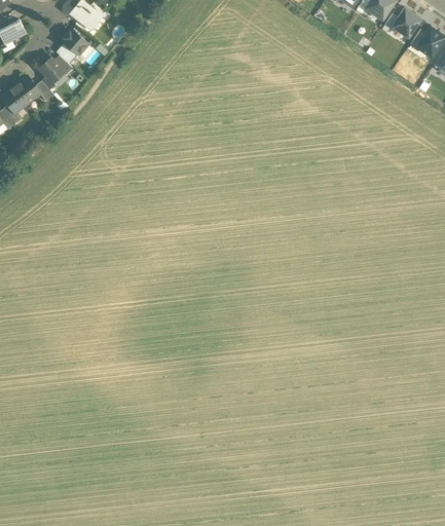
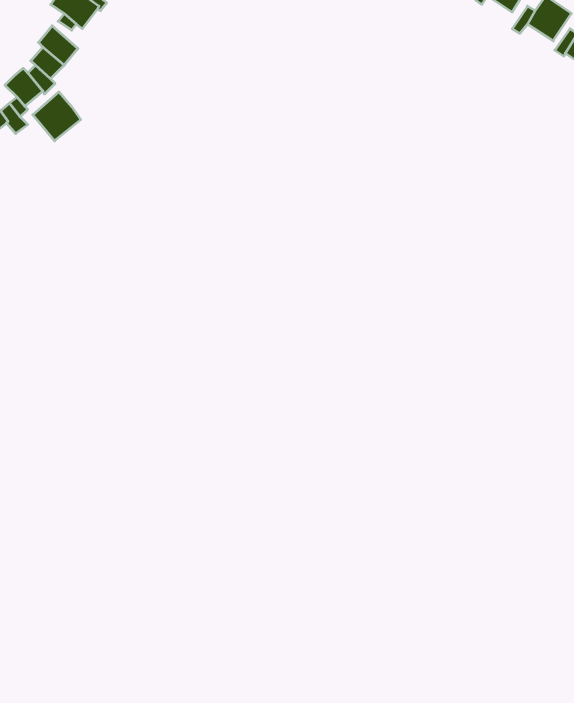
building: none -> [33,92,81,141]

